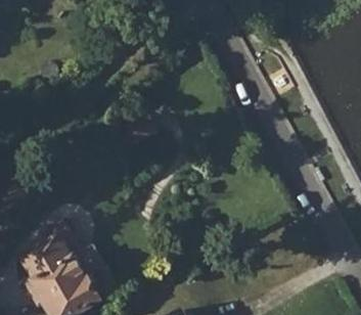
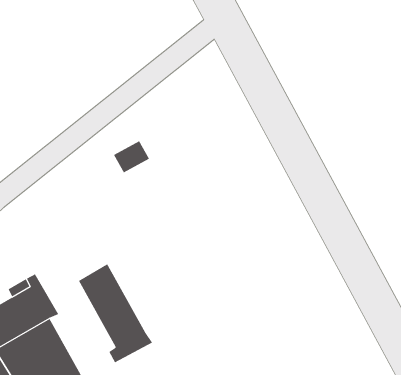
building: none -> [78,263,153,363]

